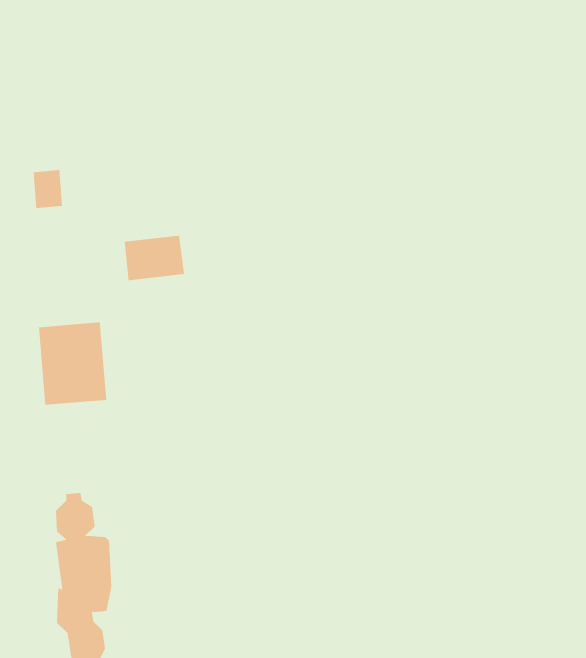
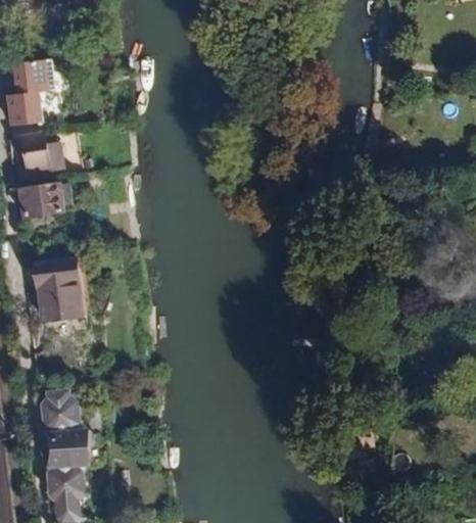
building: none -> [10,61,52,129]
building: [124,235,185,281] -> [15,182,63,218]

